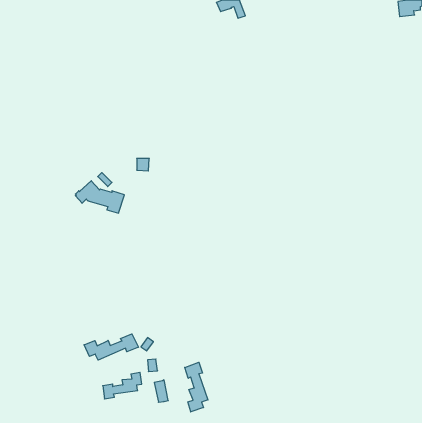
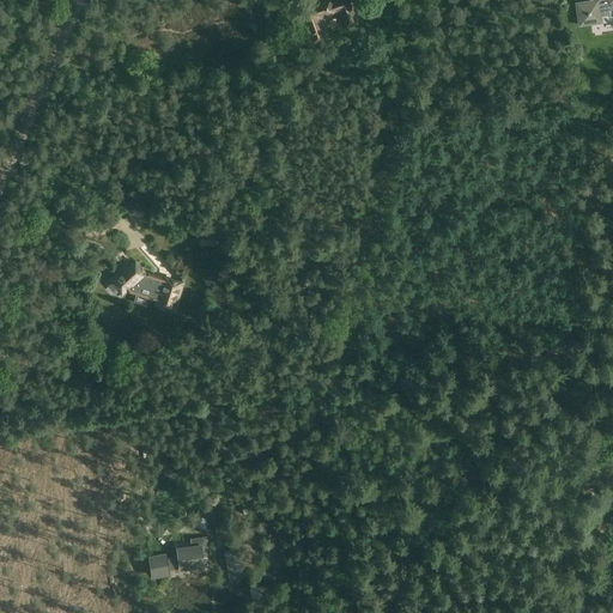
building: [84,334,138,360] -> none
building: [185,362,208,412] -> none

